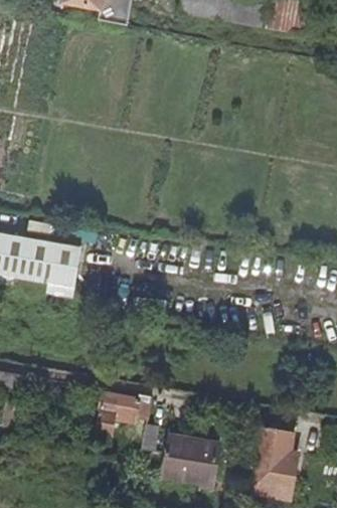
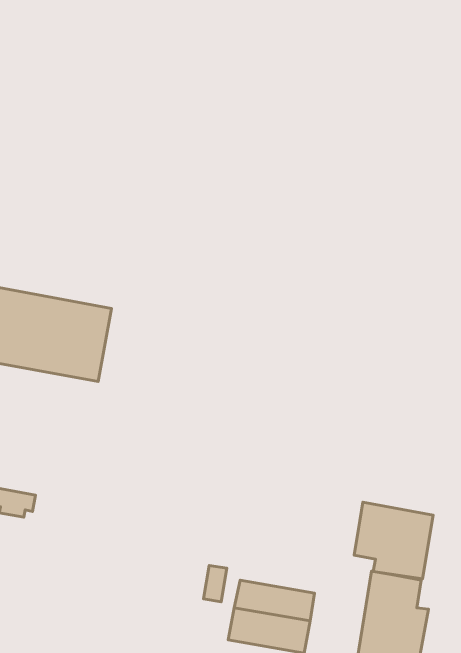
building: none -> [354,502,433,579]
building: [95,391,153,443] -> none

